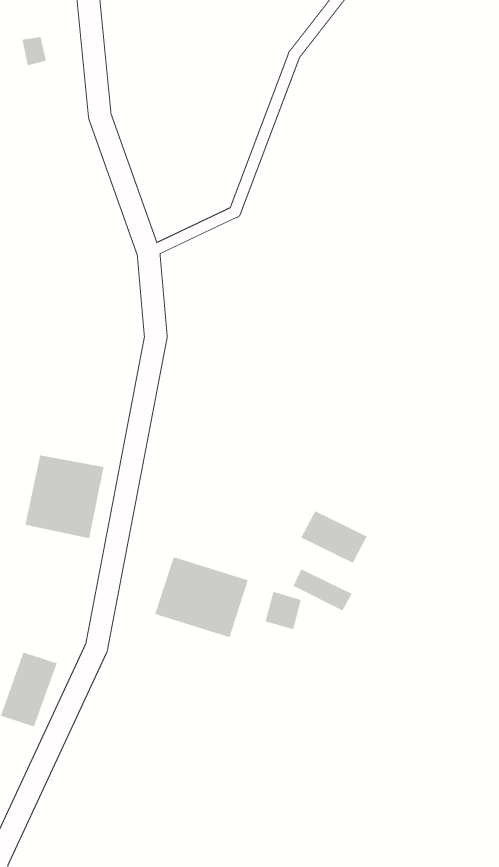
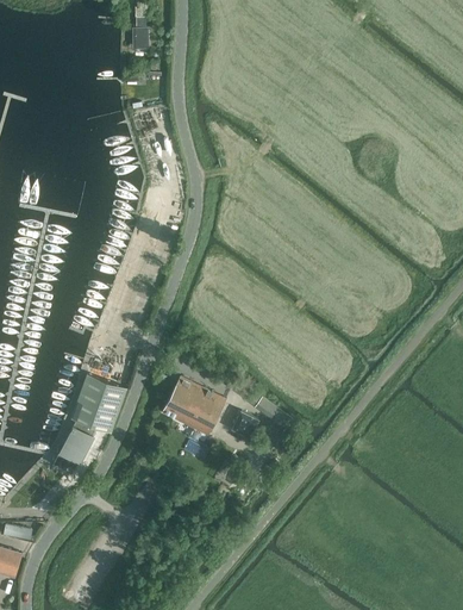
building: [25,454,104,539] -> [69,376,126,436]
building: [300,510,368,564] -> none

